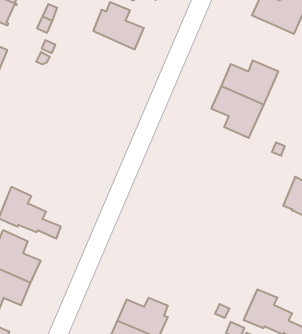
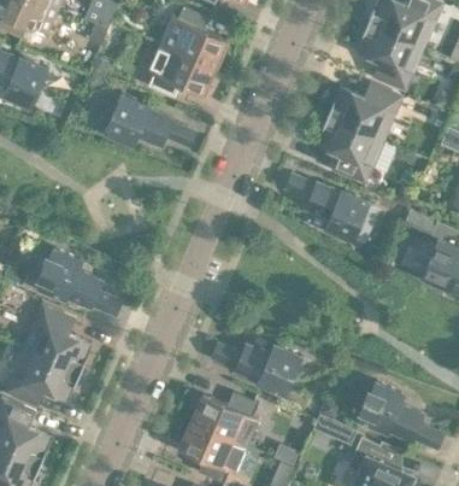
building: none -> [355,23,423,90]
building: none -> [148,43,214,98]
building: none -> [102,93,192,146]
building: none -> [287,175,370,242]
building: none -> [213,344,302,397]

